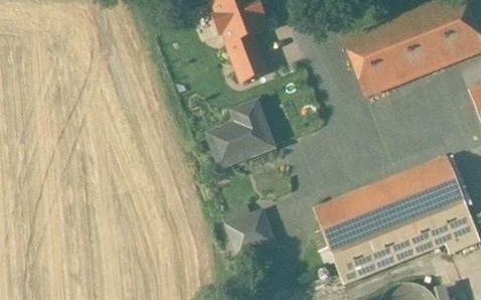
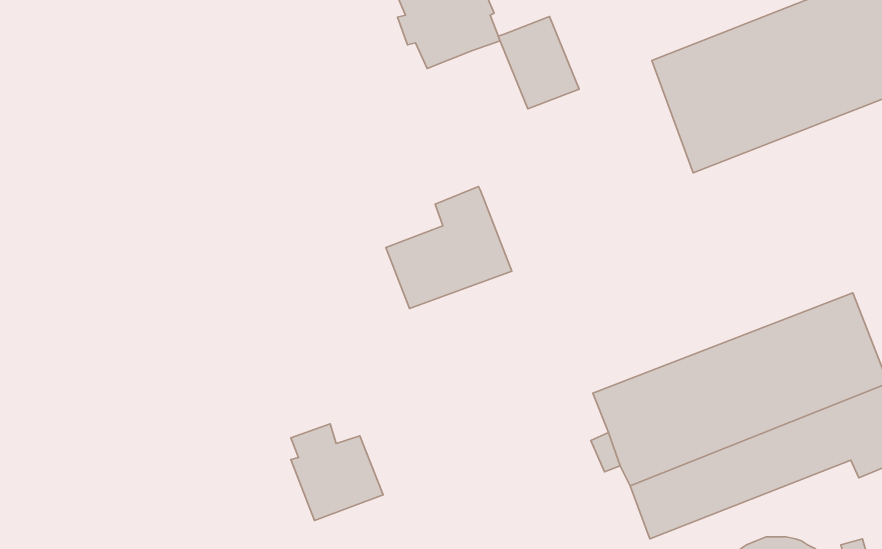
building: [226,33,268,81] -> [498,16,579,109]
building: [226,205,274,255] -> [291,424,383,520]

